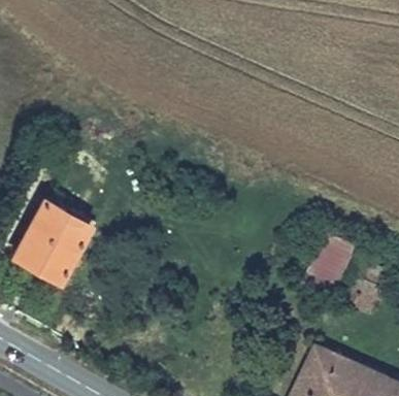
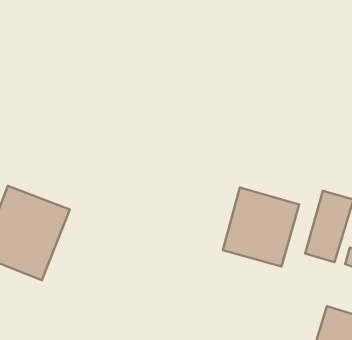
building: none -> [223,187,299,267]

